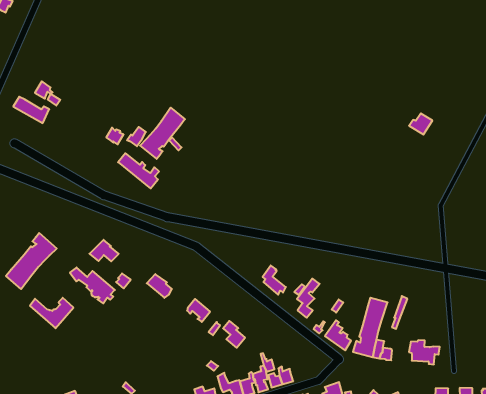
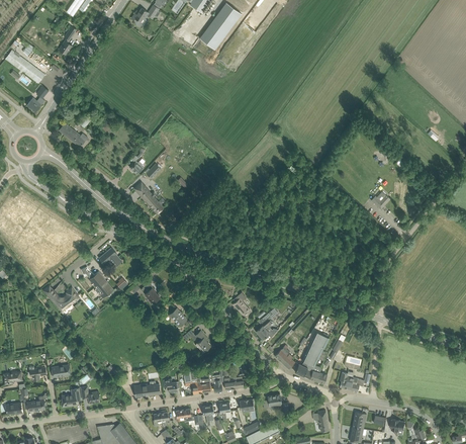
building: [140,108,185,159] -> none
building: [6,233,57,289] -> none

